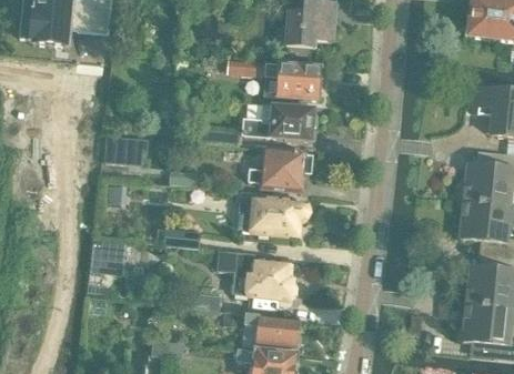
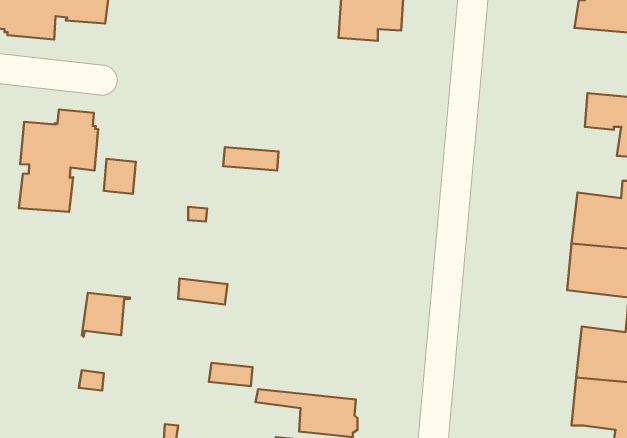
building: [229,58,322,100] -> none
building: none -> [19,110,98,212]
building: [244,103,318,141] -> none
building: [249,150,311,191] -> none
building: [241,200,308,235] -> none
building: [219,251,295,299] -> none

